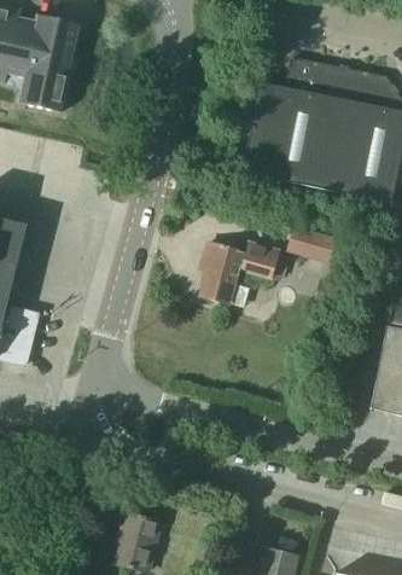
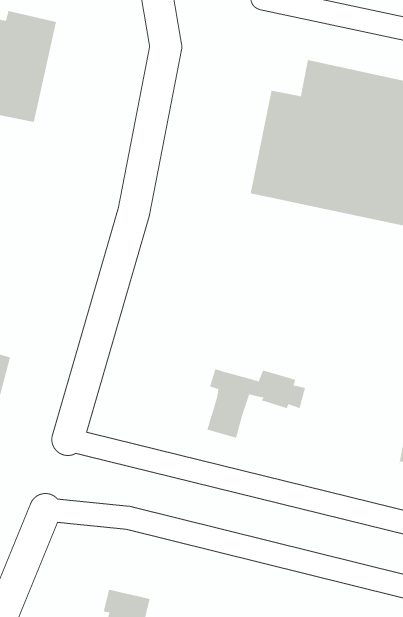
building: [287,227,338,260] -> none
building: [200,242,286,302] -> [206,368,306,438]

